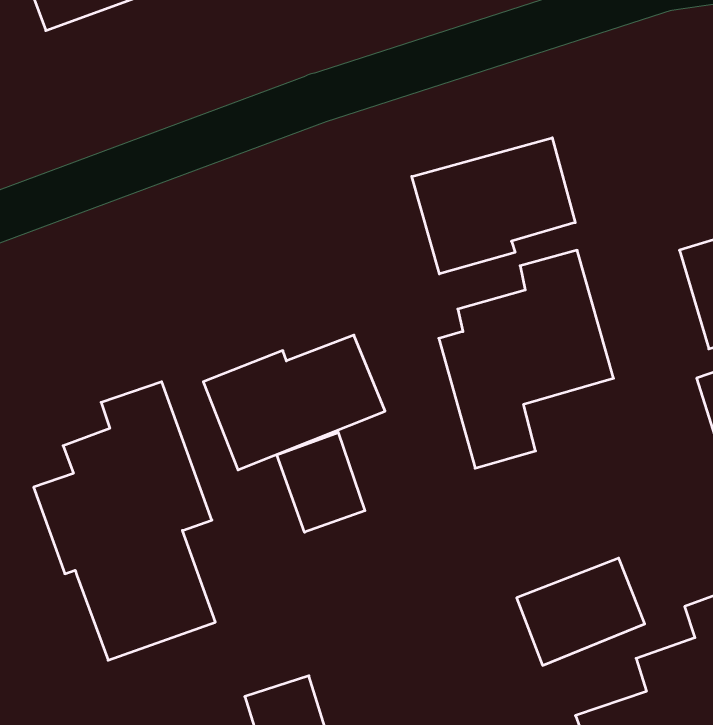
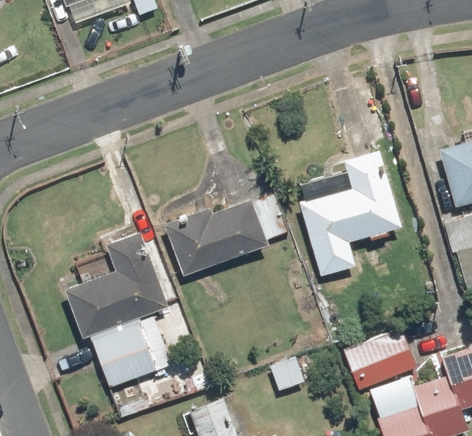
building: [412,138,575,274] -> none
building: [277,432,365,532] -> none

